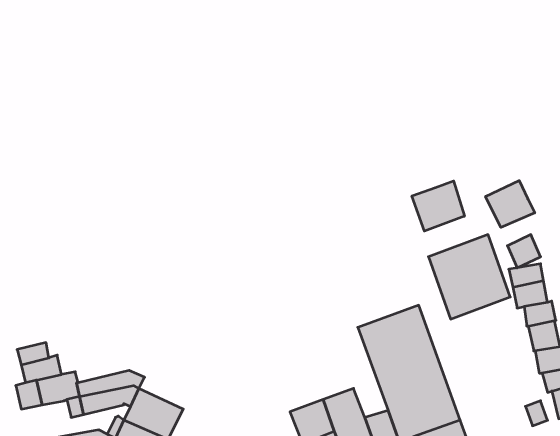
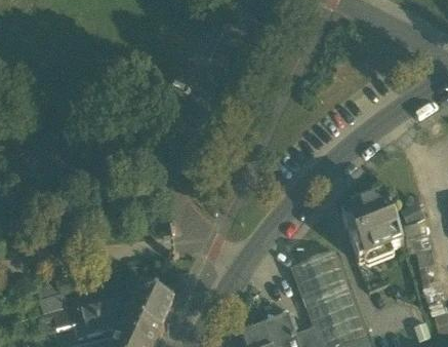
building: [486,181,535,227] -> none
building: [412,181,464,231] -> none
building: none -> [128,281,173,324]

